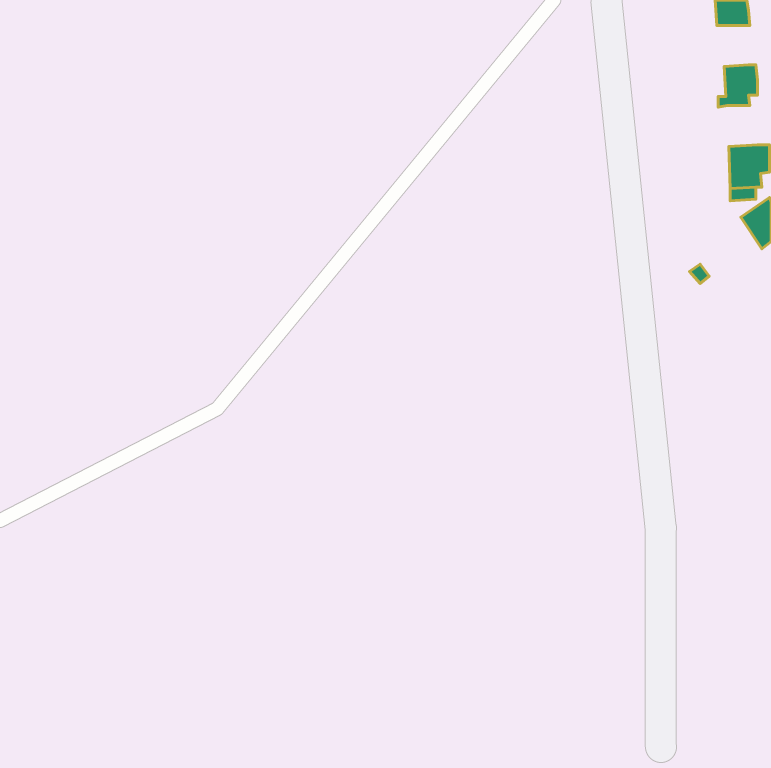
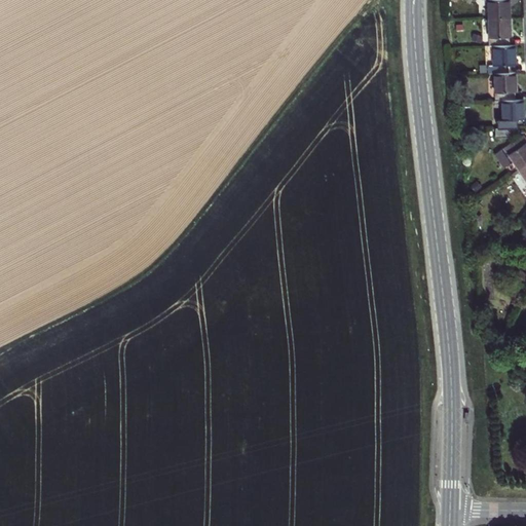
building: none -> [488,20,512,47]
building: none -> [495,74,517,102]

